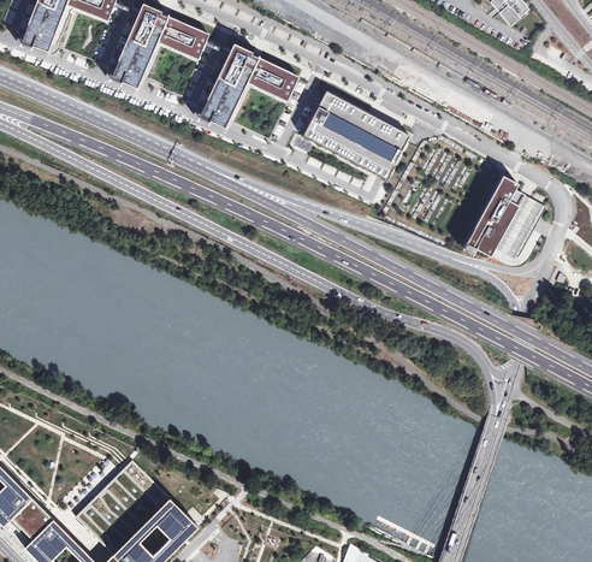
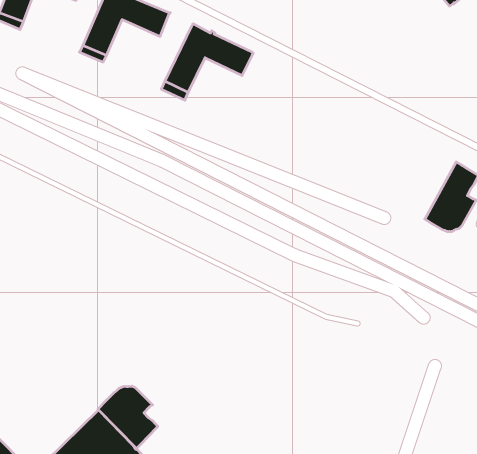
building: [303,91,410,179] -> none
building: [457,177,515,255] -> none
building: none -> [98,386,158,449]

